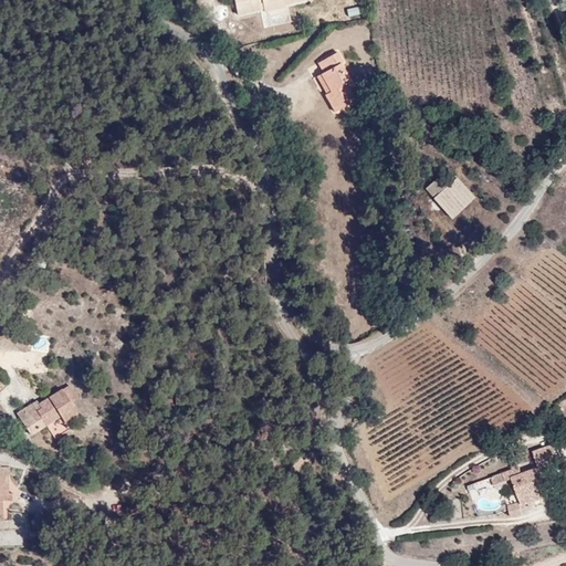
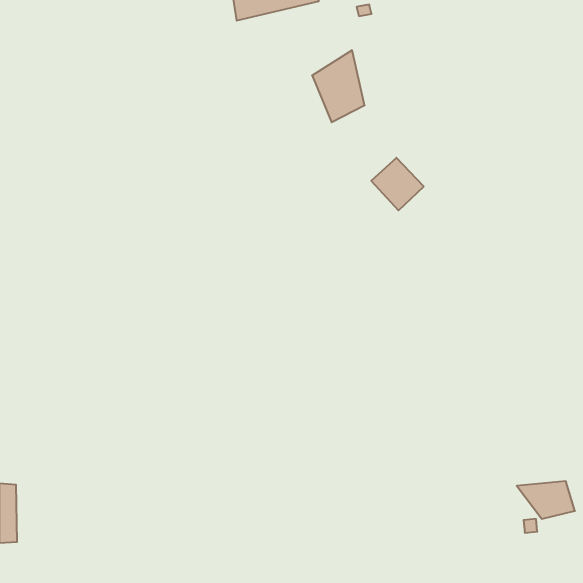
building: [423,168,474,219] -> [371,158,424,210]
building: [23,382,85,436] -> none

